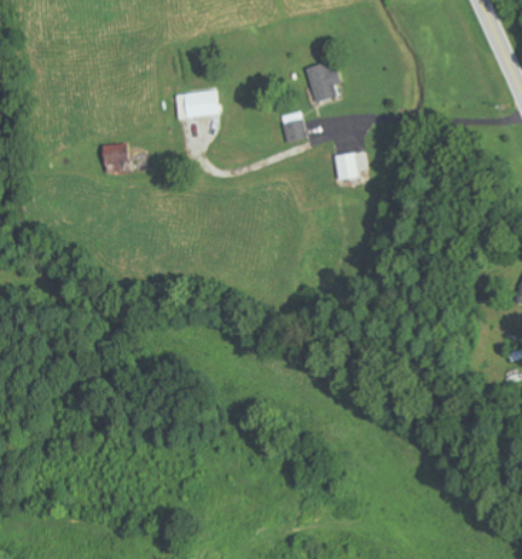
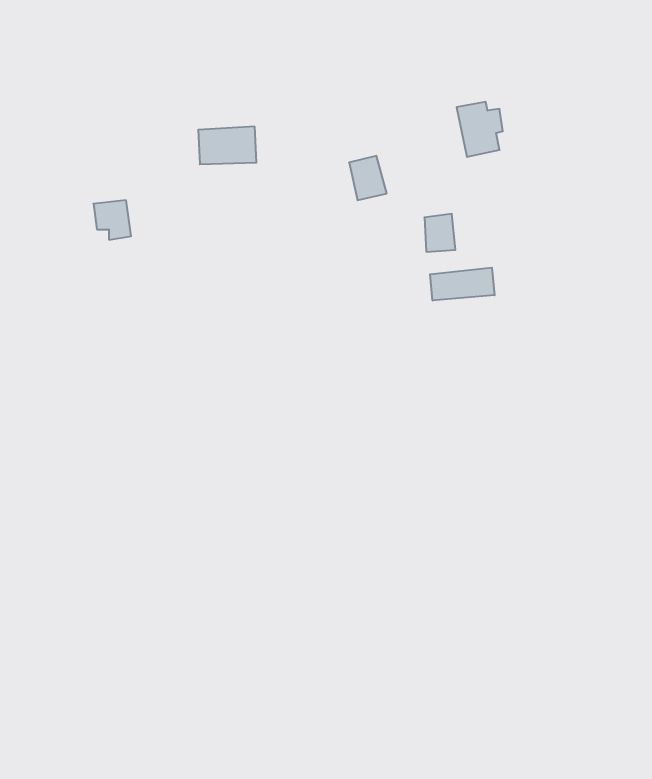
building: [307,63,340,102] -> [457,102,503,157]
building: none -> [430,268,495,301]

